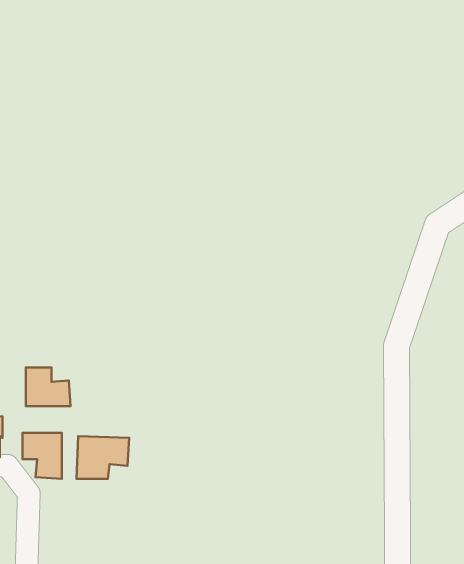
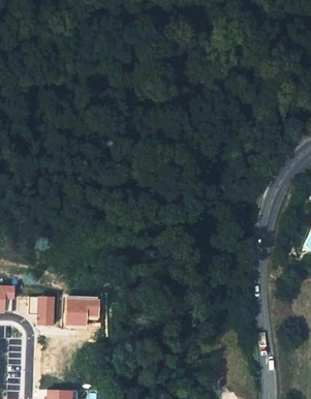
building: [26,367,71,406] -> none

